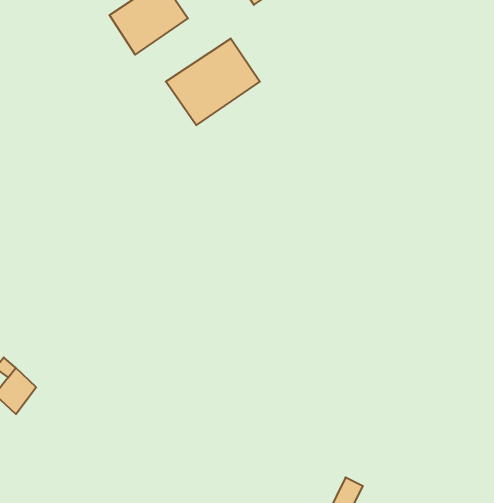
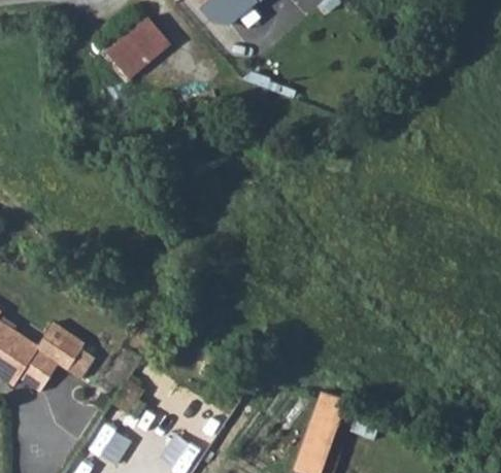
building: [166,38,260,125] -> none

